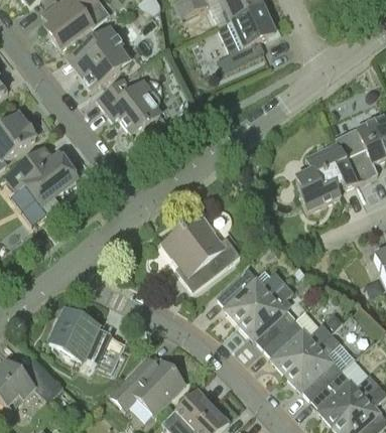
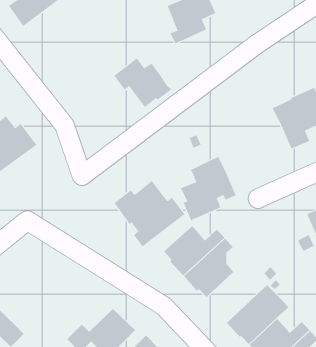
building: [68,25,123,88] -> none
building: [97,77,161,132] -> [113,57,172,108]
building: [295,139,358,210] -> [180,156,237,221]
building: [49,309,117,374] -> none
building: [264,317,332,374] -> none

